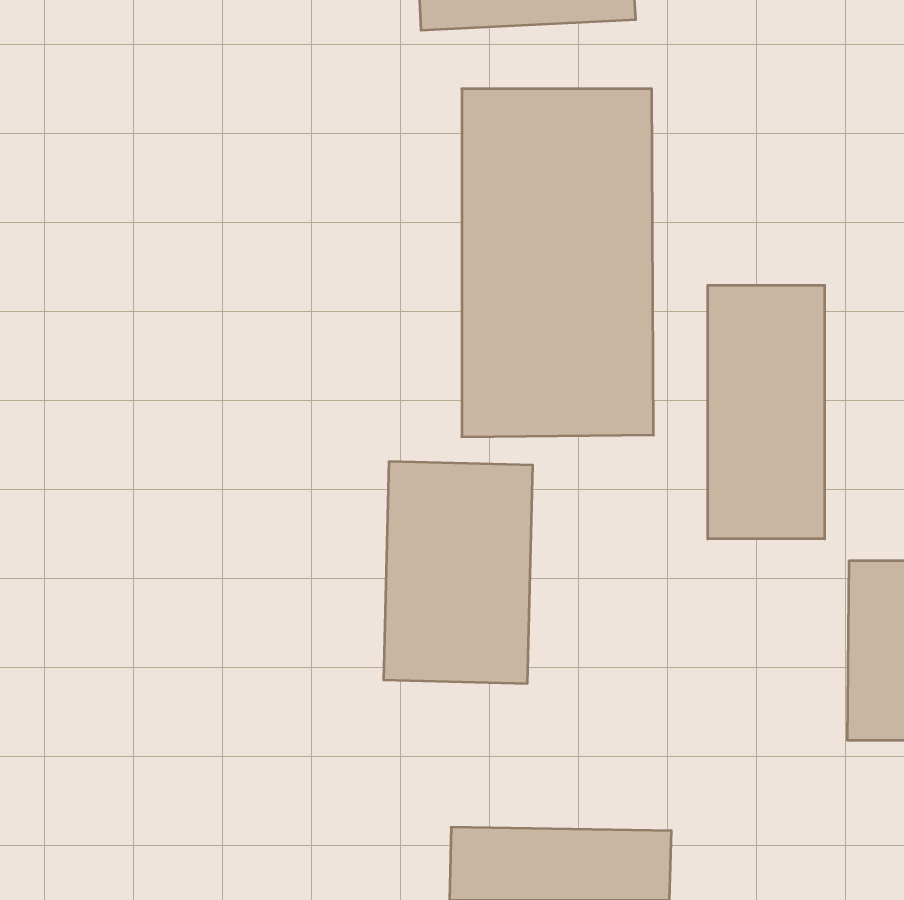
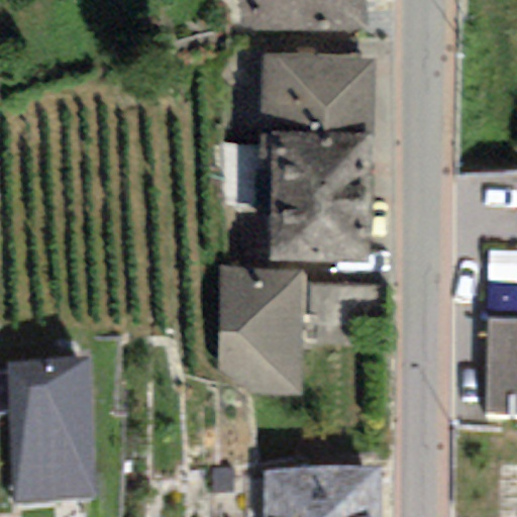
building: [708,285,825,539] -> none
building: none -> [12,370,97,504]

